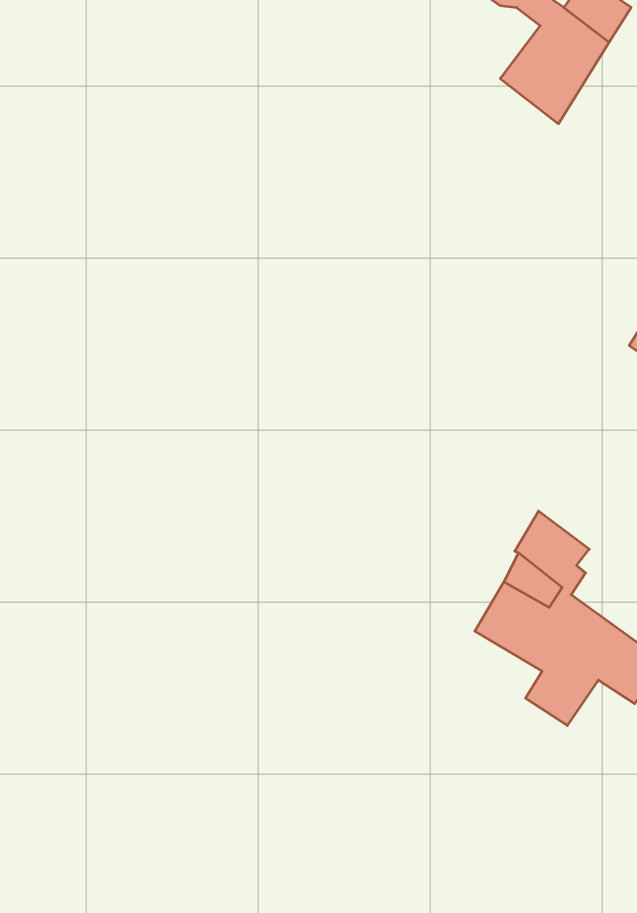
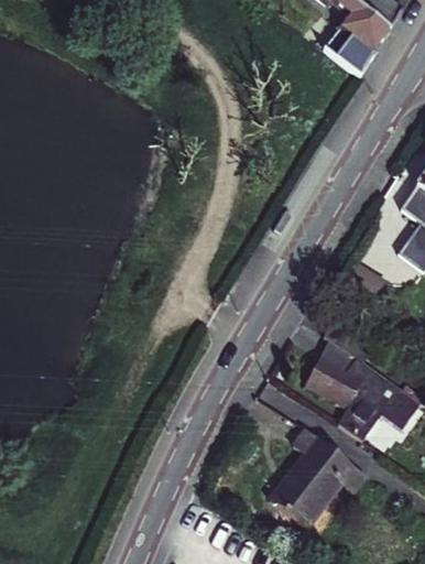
building: none -> [271,429,367,528]

